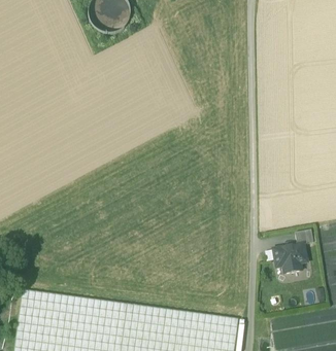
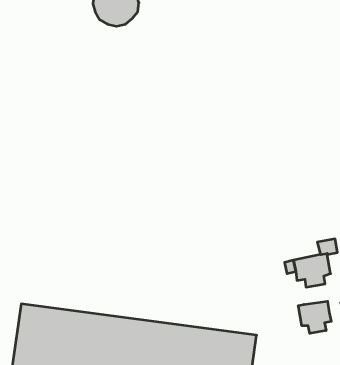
building: none -> [298,301,331,333]

